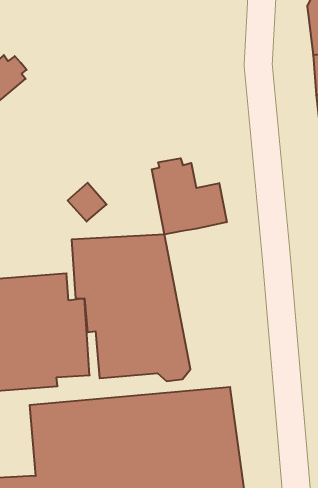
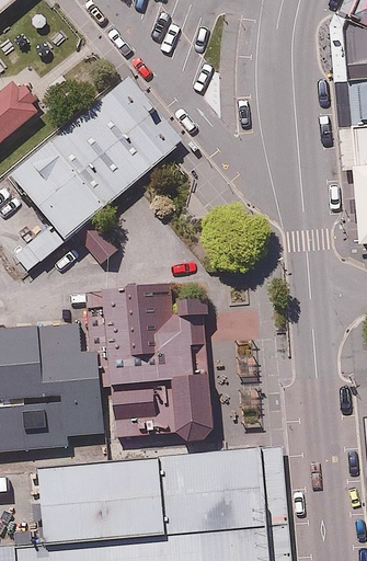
building: none -> [11,83,174,272]
building: [152,158,227,235] -> none

